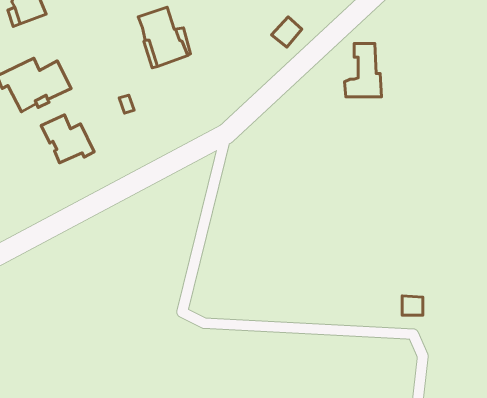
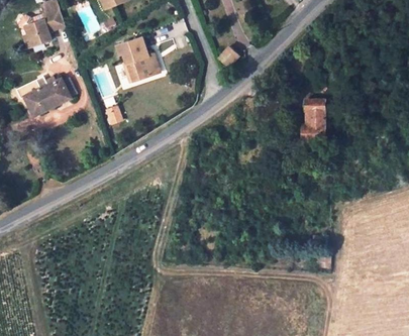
building: [345,43,382,97] -> [300,98,327,137]
building: [41,115,94,163] -> none

